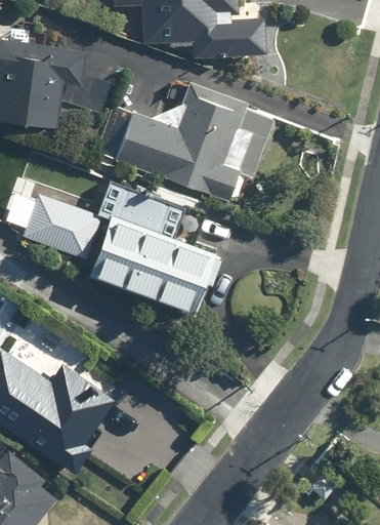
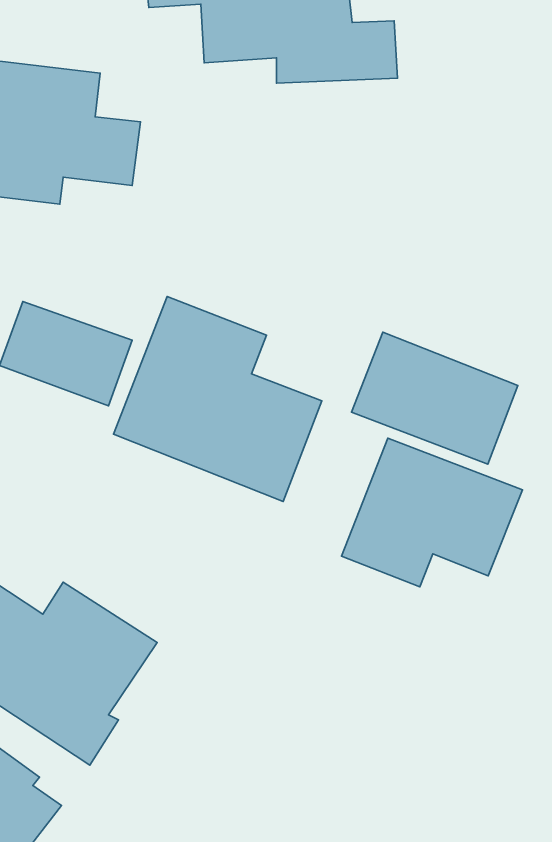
building: [95,76,273,203] -> none
building: none -> [351,332,518,464]
building: none -> [342,438,522,587]

